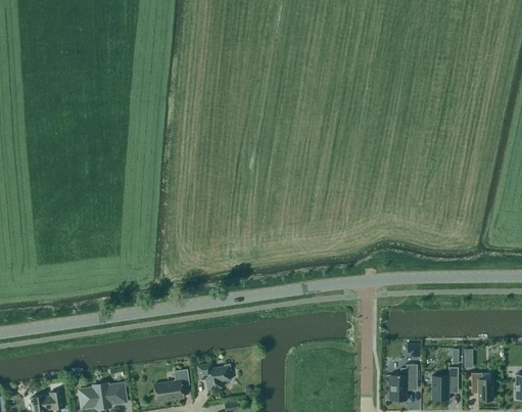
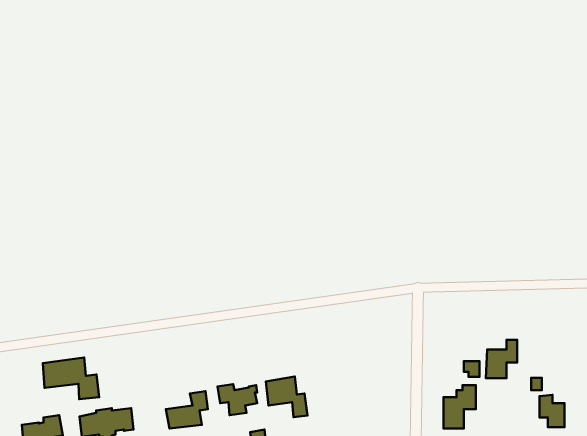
building: none -> [43,357,99,399]
building: none -> [266,377,308,417]
building: [431,368,458,401] -> [486,340,517,378]

